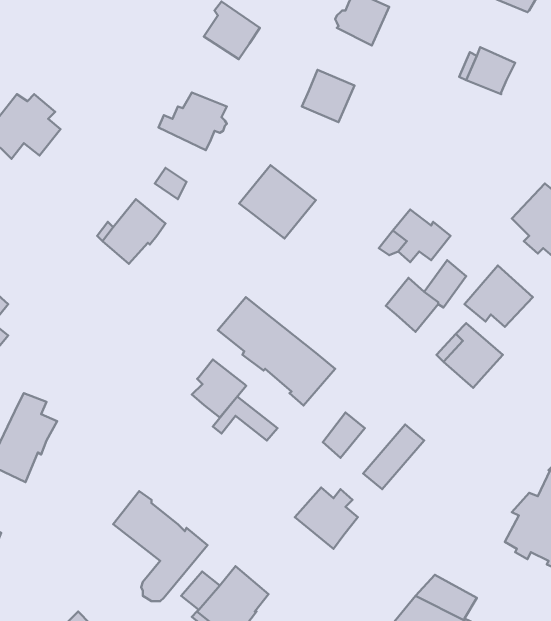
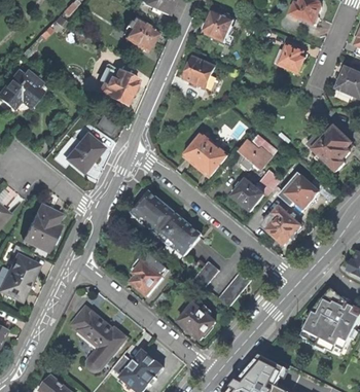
building: [239,165,316,239] -> [182,135,227,178]
building: none -> [22,205,60,252]
building: [192,360,246,417] -> [131,261,163,295]

